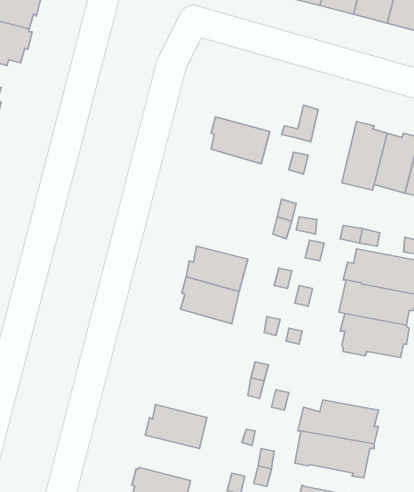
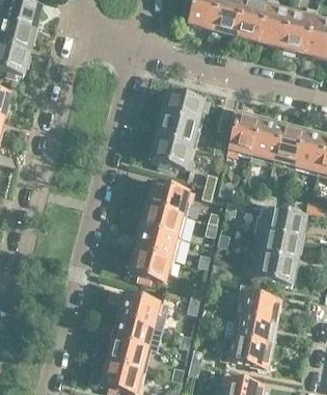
building: none -> [161,89,210,124]
building: none -> [227,113,261,157]
building: none -> [152,136,195,170]
building: none -> [146,180,195,214]
building: none -> [130,249,173,284]
building: none -> [235,281,280,321]
building: none -> [117,291,165,326]
building: none -> [107,339,149,371]

